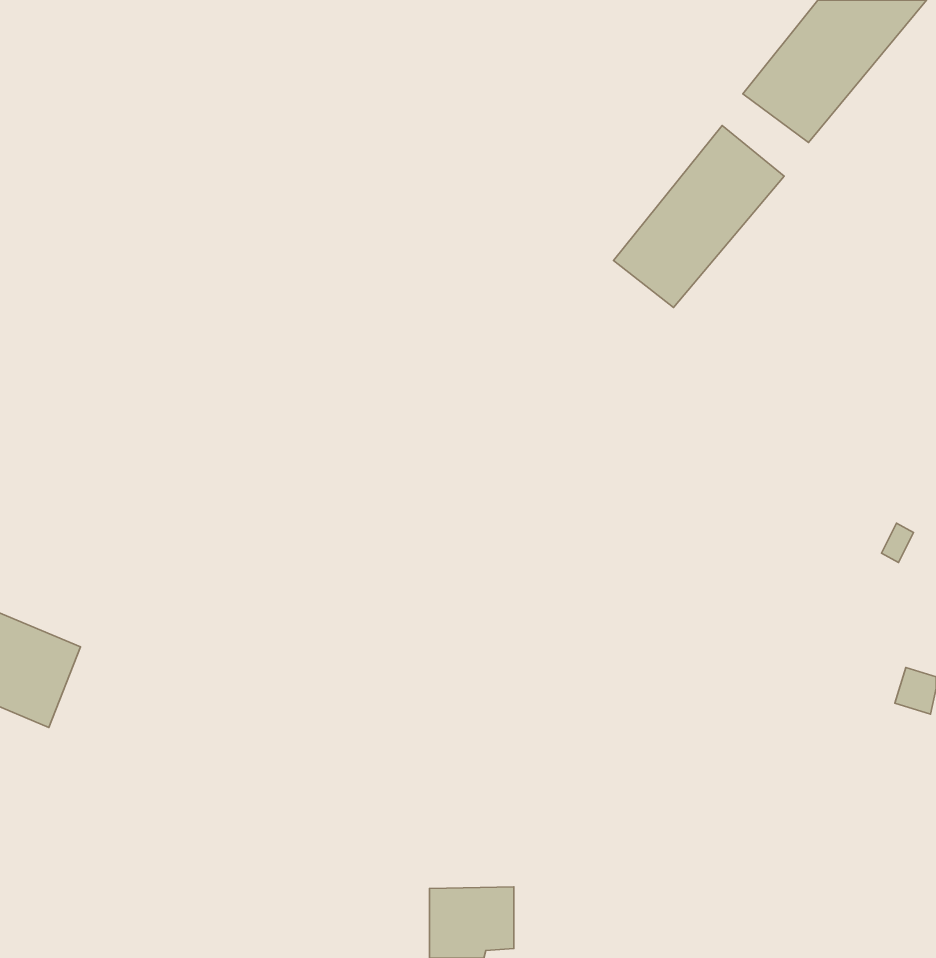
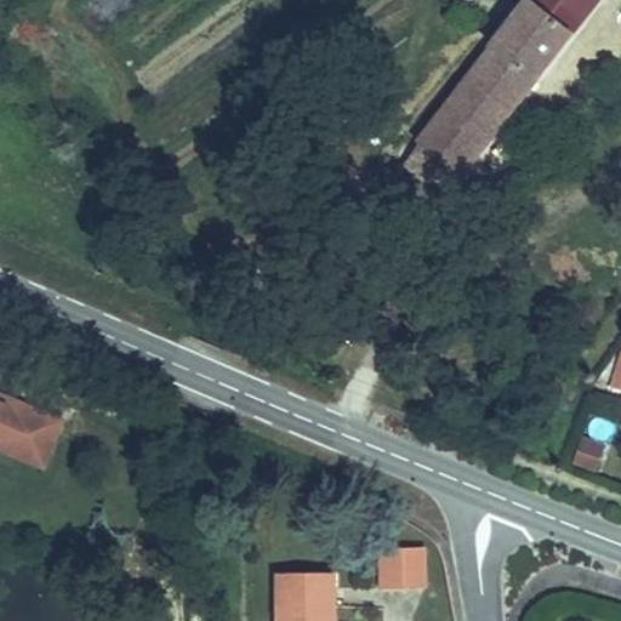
building: none -> [467,61,523,114]
building: none -> [382,543,422,585]

